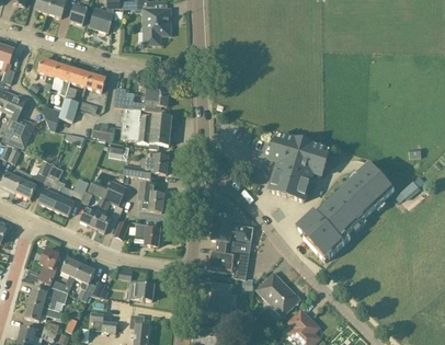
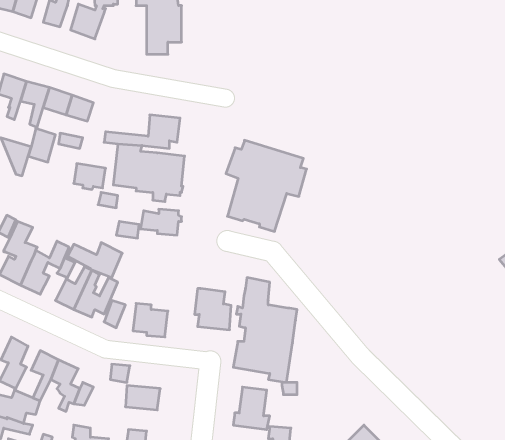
building: [267,135,326,200] -> [226,140,307,231]
building: [297,162,392,261] -> none
building: [136,182,162,211] -> [195,289,231,330]
building: [255,273,297,315] -> none

